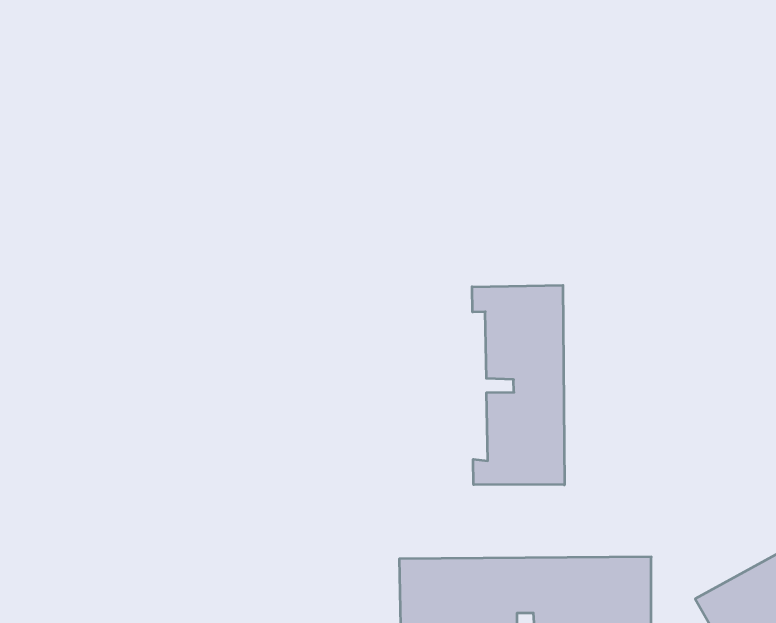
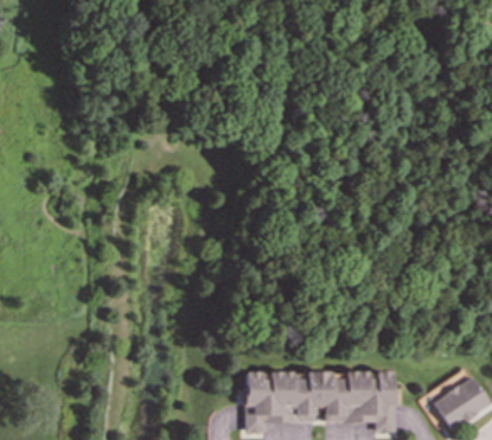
building: [472,285,564,485] -> none

